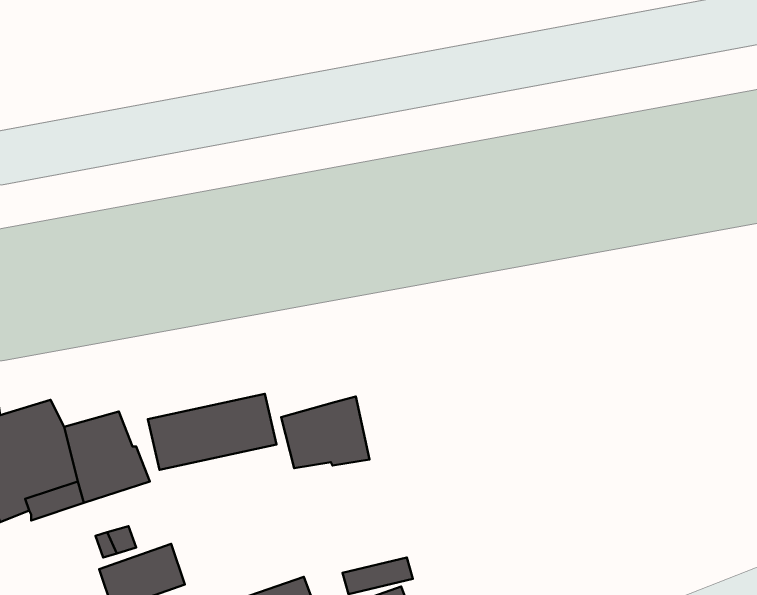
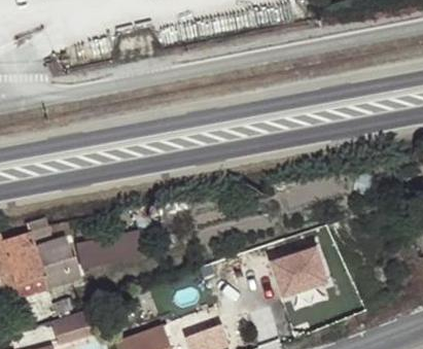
building: [281,397,369,468] -> none
building: none -> [271,250,325,298]

